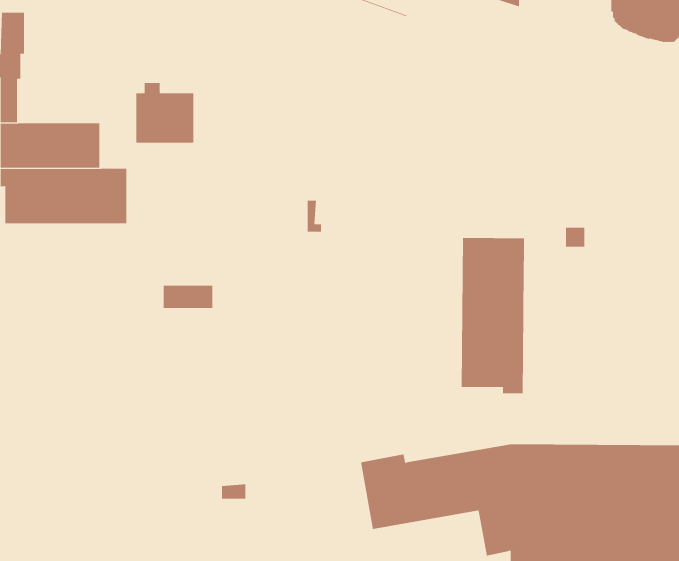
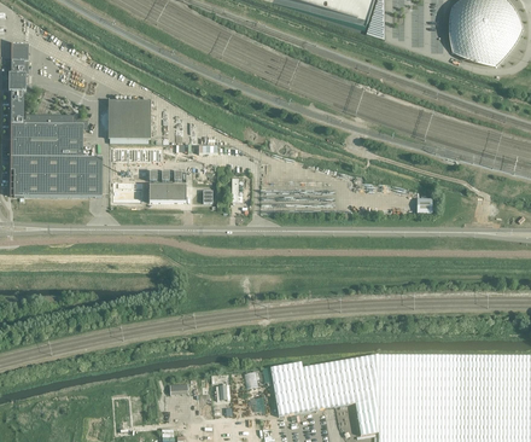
building: [461,237,525,394] -> none
building: [163,285,213,309] -> [148,184,185,200]

